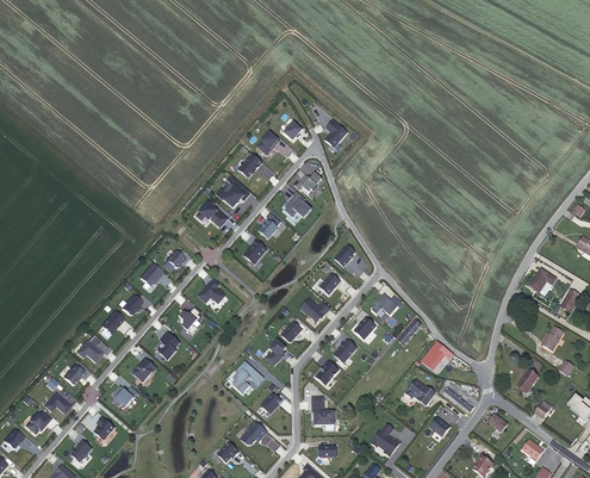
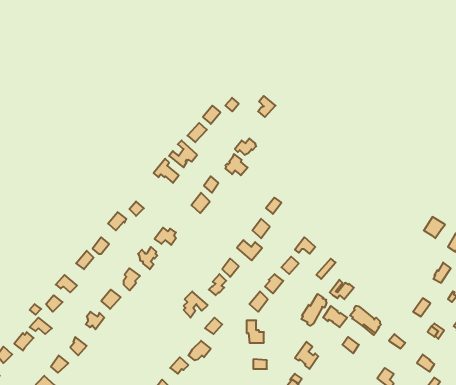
building: none -> [301,294,326,326]

